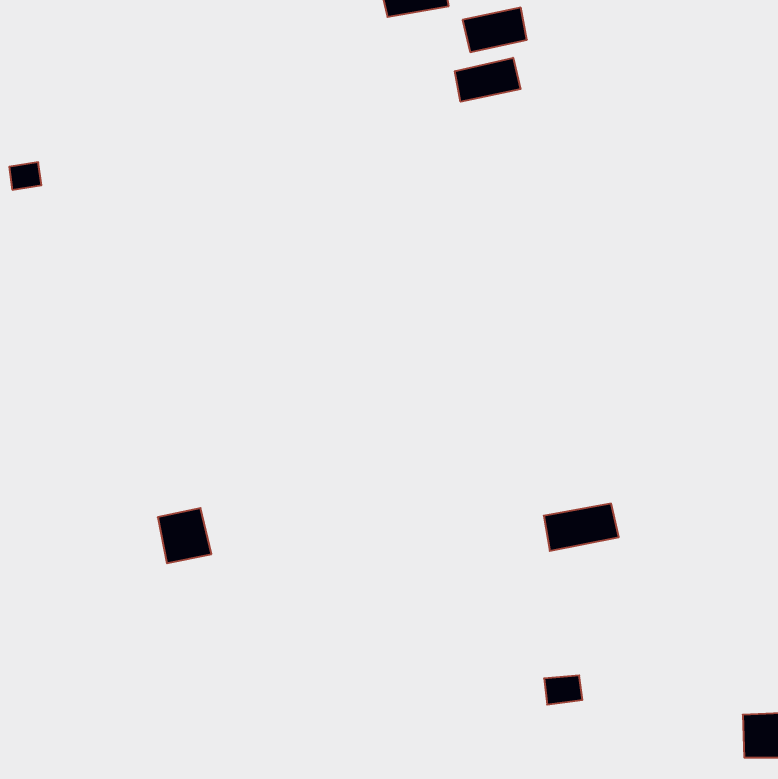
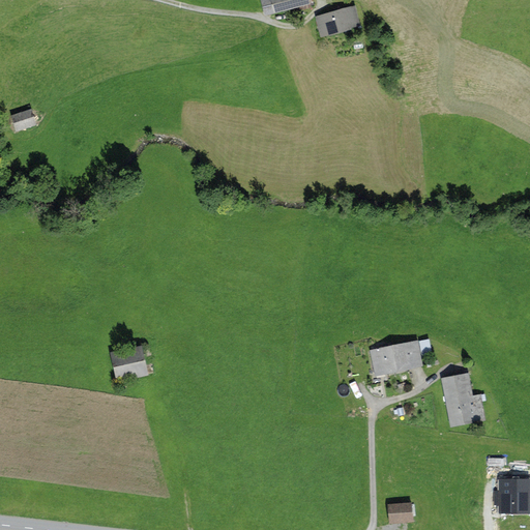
building: [455,58,521,102] -> none
building: none -> [442,375,476,428]
building: [544,675,582,705] -> [387,502,413,522]

